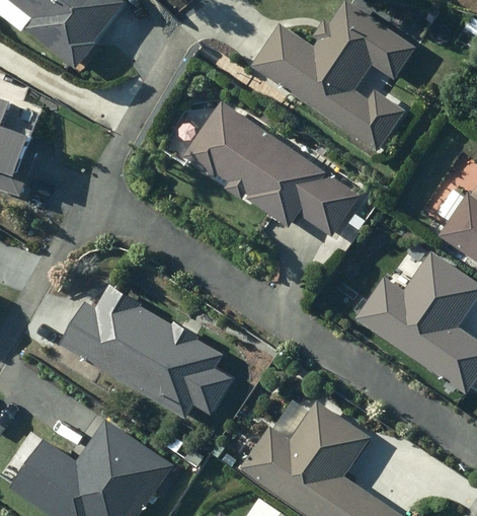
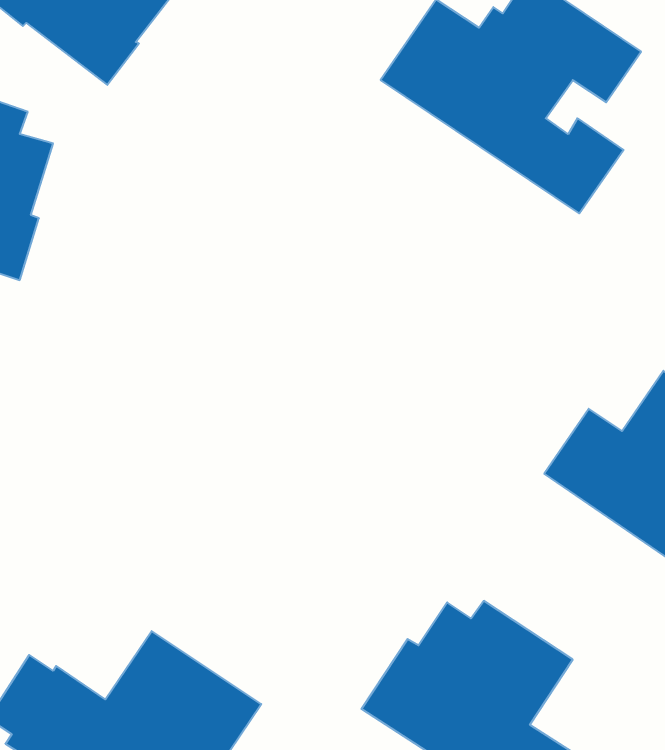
building: [182,101,359,236] -> none
building: [59,288,230,419] -> none

